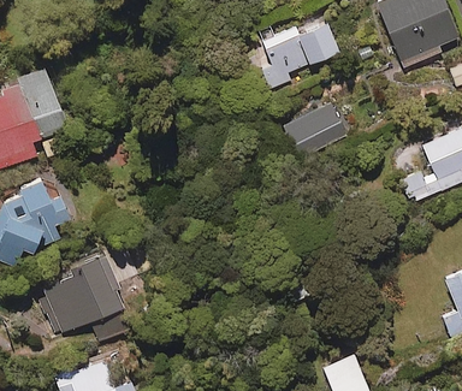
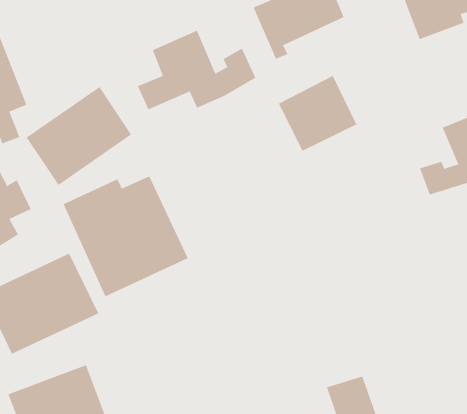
building: none -> [137,30,256,110]
building: none -> [26,86,132,186]
building: none -> [63,175,188,297]

